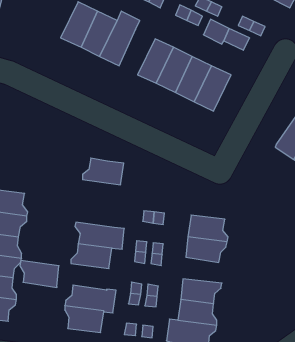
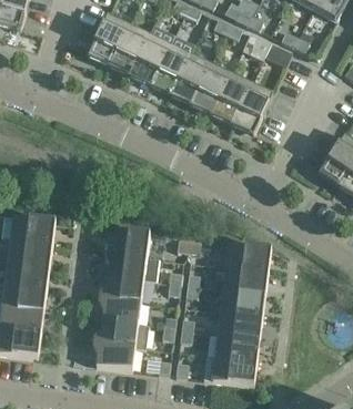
building: none -> [152,34,195,93]
building: [83,158,124,185] -> [105,228,150,257]
building: none -> [221,289,263,317]
building: [20,261,59,287] -> [99,296,141,325]

